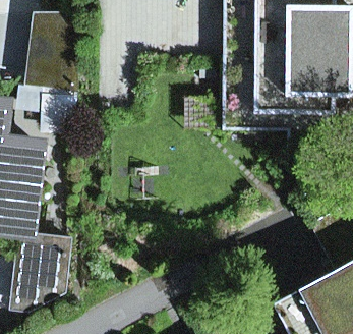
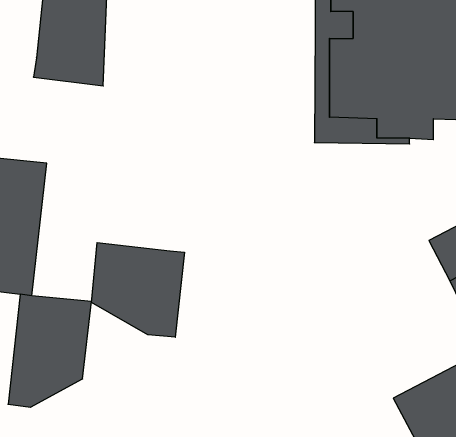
building: none -> [91,243,184,337]

